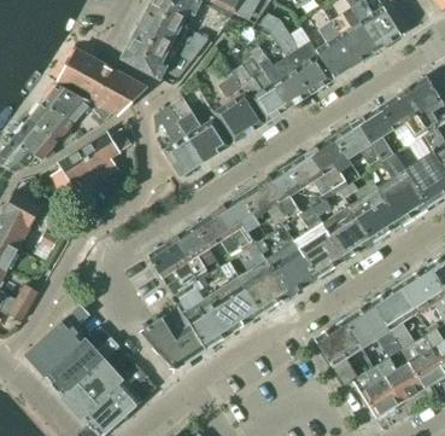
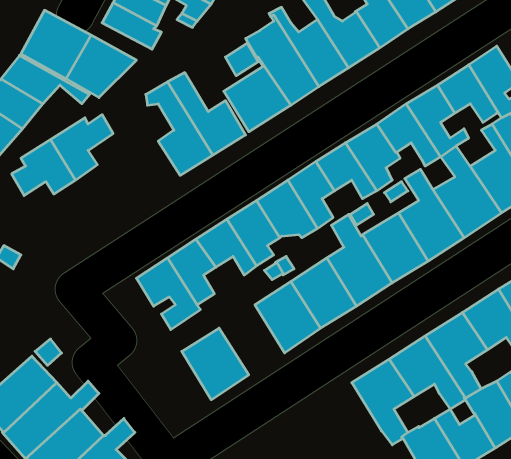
building: [211,277,262,331] -> none
building: [137,306,205,368] -> none

